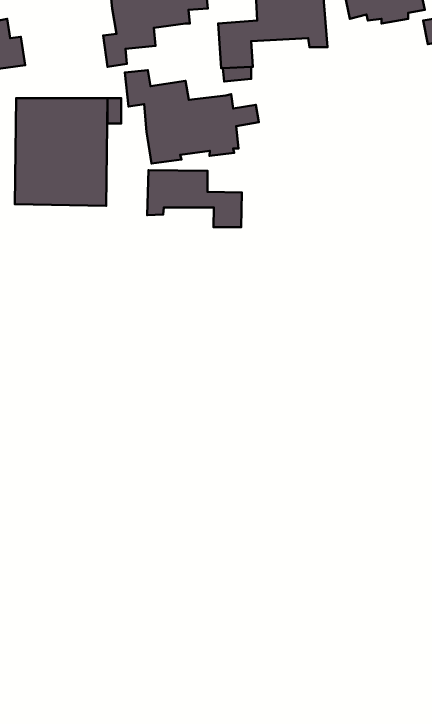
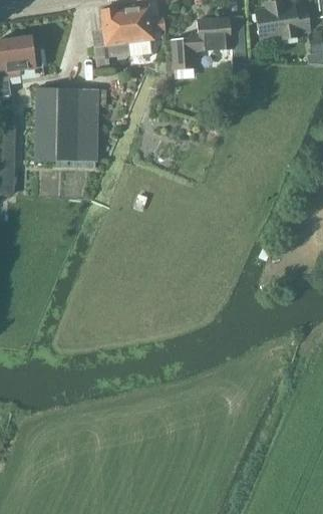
building: [125,70,259,164] -> none
building: [147,170,242,227] -> none

